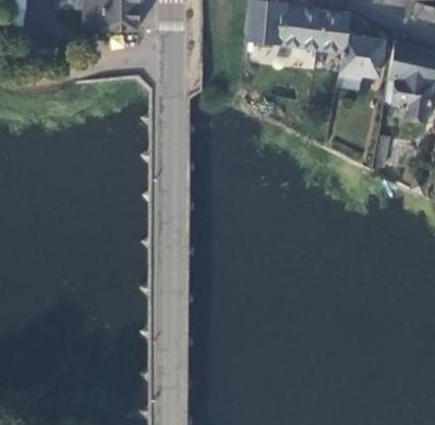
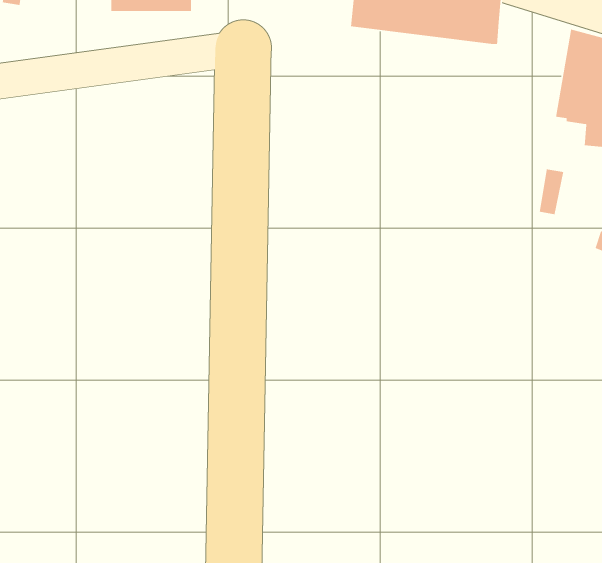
building: [338,36,384,88] -> none

